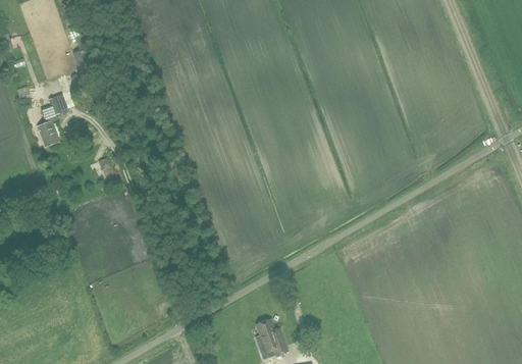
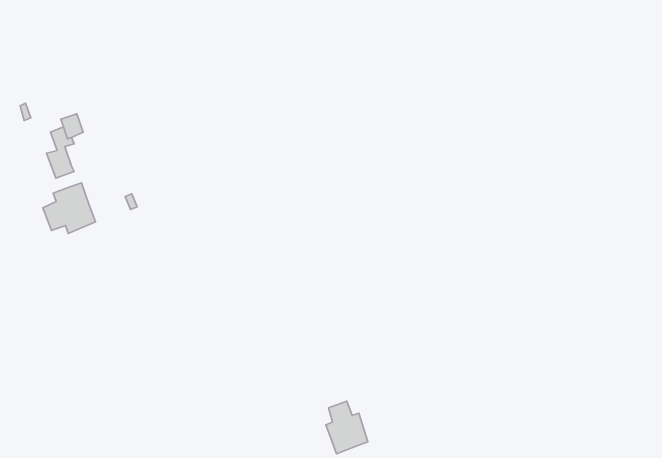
building: none -> [43,183,95,234]

